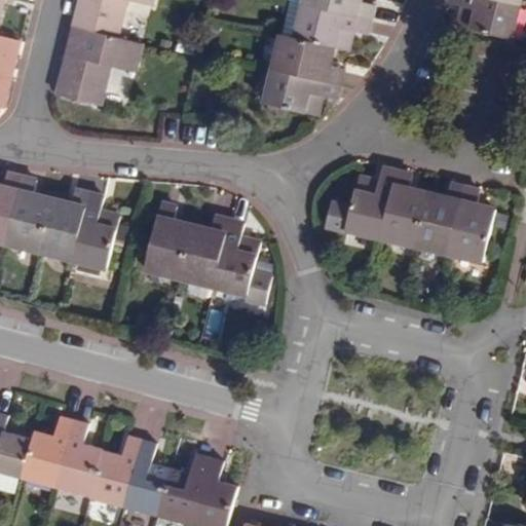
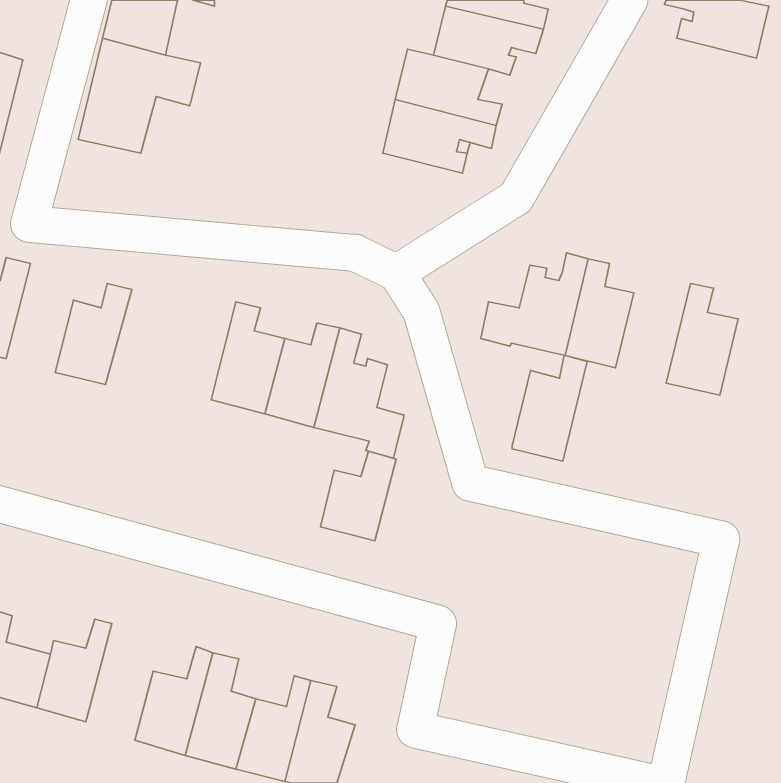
building: [4,177,49,250] -> none
building: [413,186,463,257] -> [512,355,587,461]
building: [71,194,119,267] -> none
building: none -> [320,451,396,541]
building: [58,418,104,493] -> none

